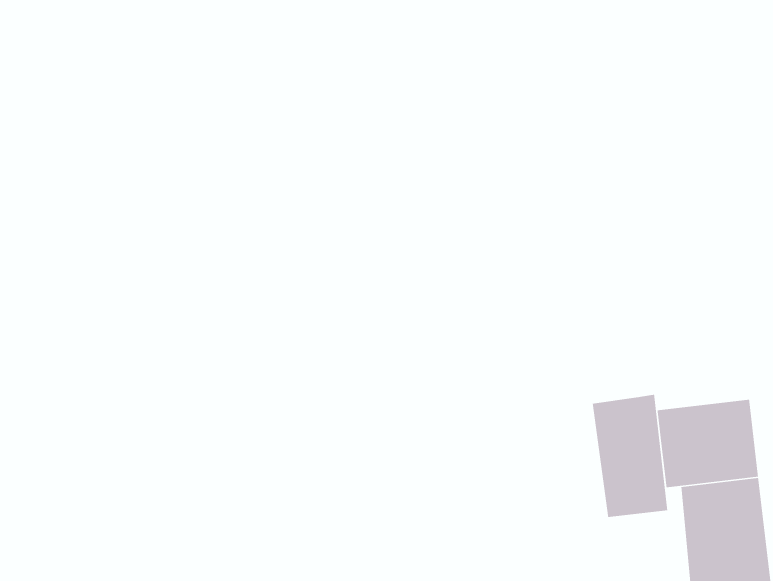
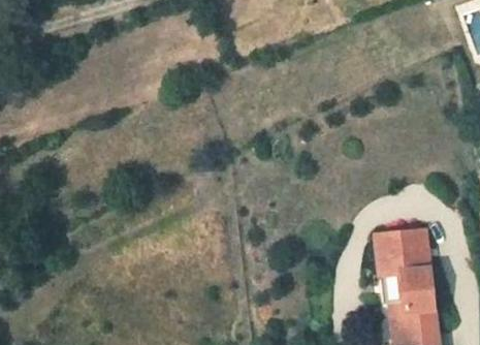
building: [592,394,668,518] -> none

